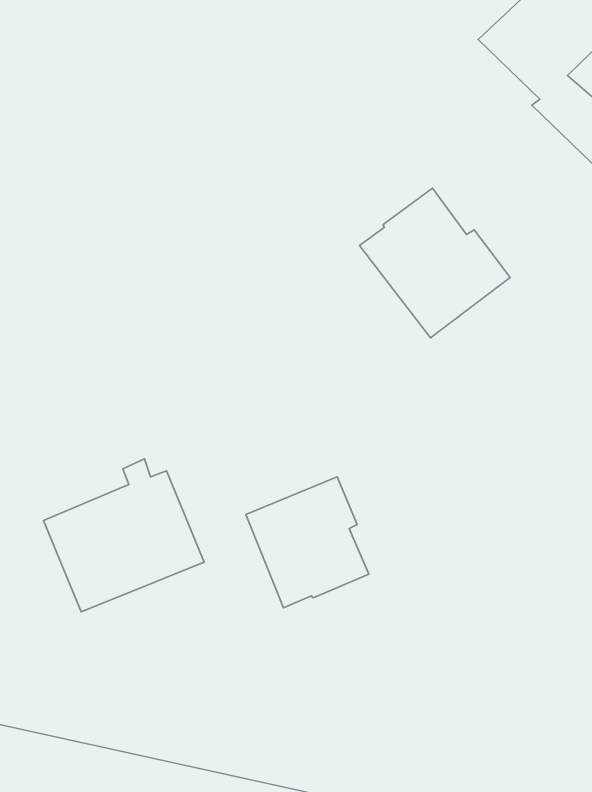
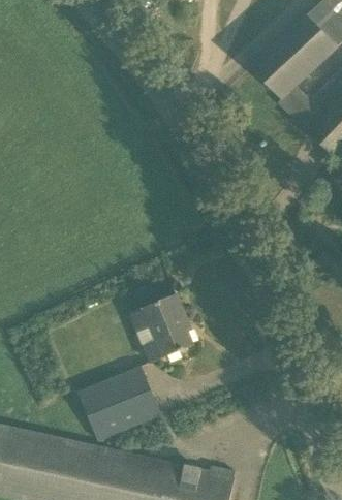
building: [360,188,510,338] -> none
building: [43,459,204,612] -> [79,358,162,438]

